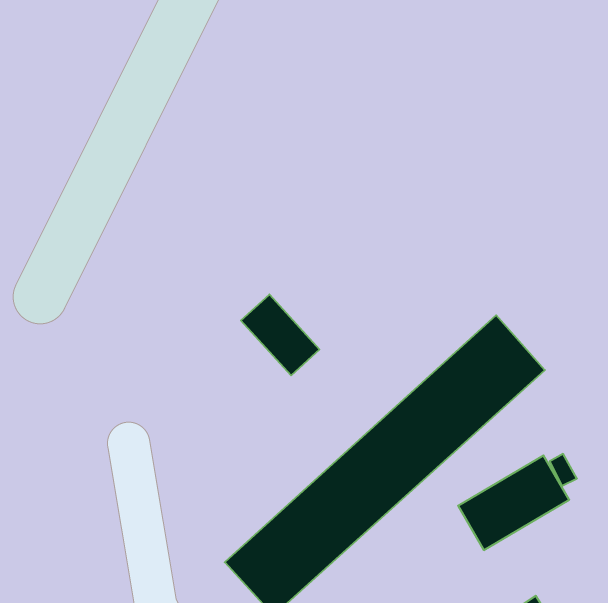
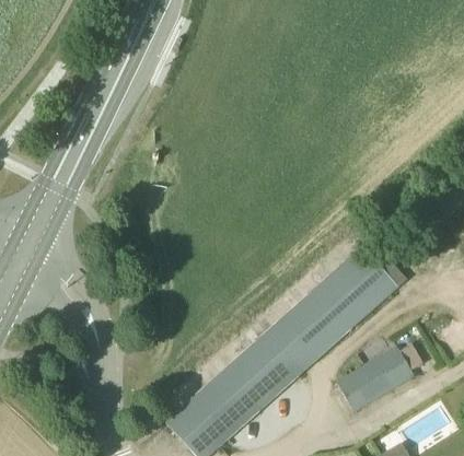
building: [241,294,319,375] -> none

